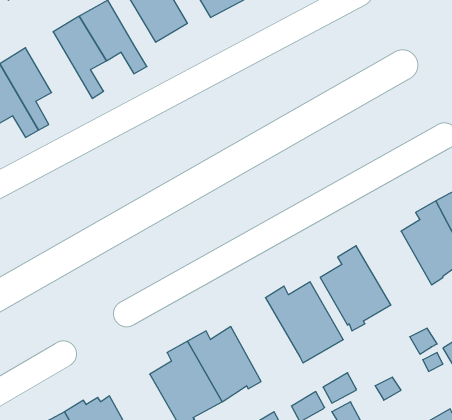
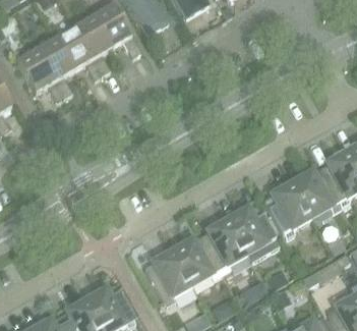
building: none -> [56,25,103,77]
building: none -> [289,166,342,218]
building: none -> [200,213,249,272]

